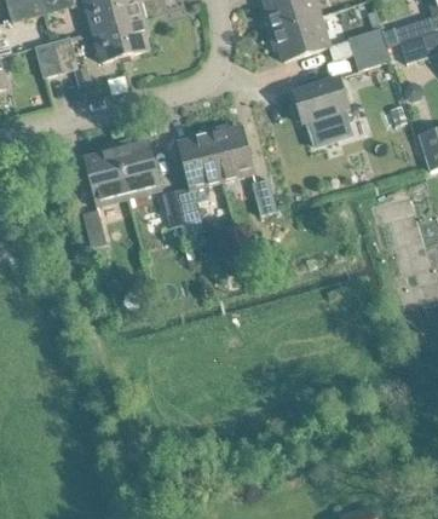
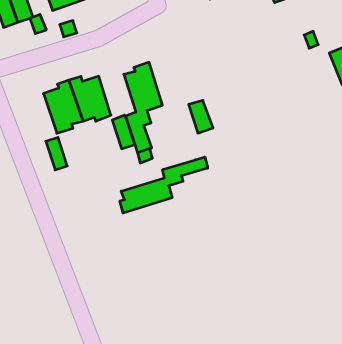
building: [292,76,350,145] -> none
building: [208,126,253,180] -> none
building: none -> [120,157,208,213]

